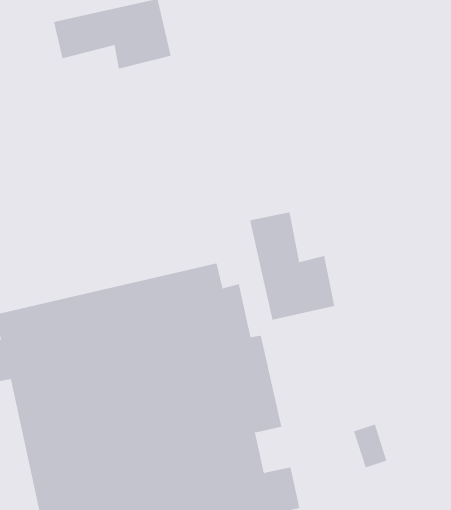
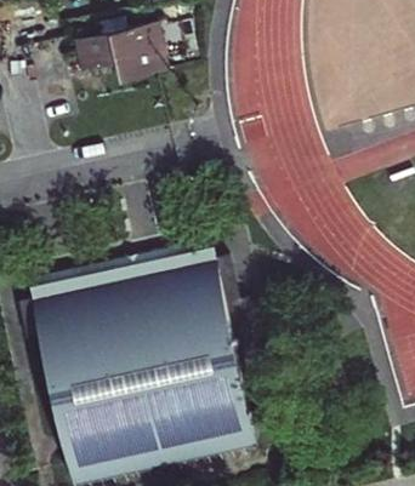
building: [250,211,335,320] -> none

